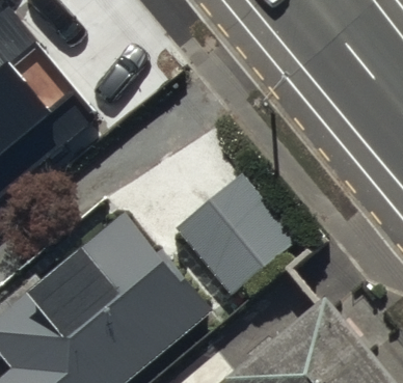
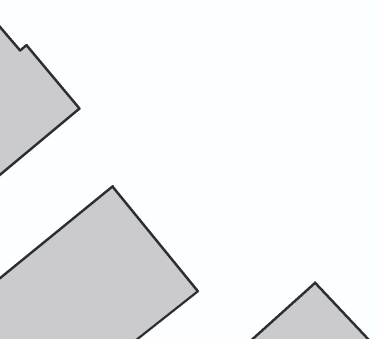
building: [172,170,296,295] -> none

